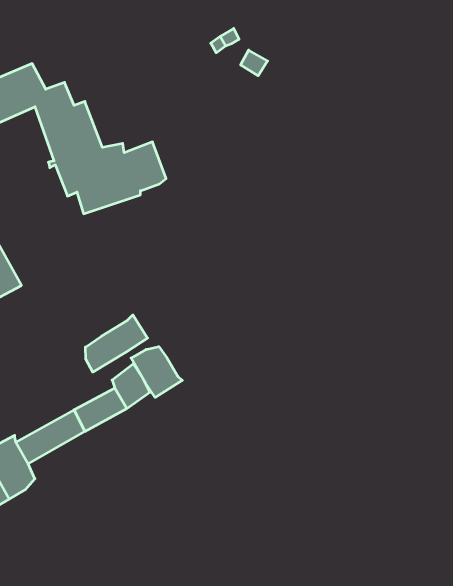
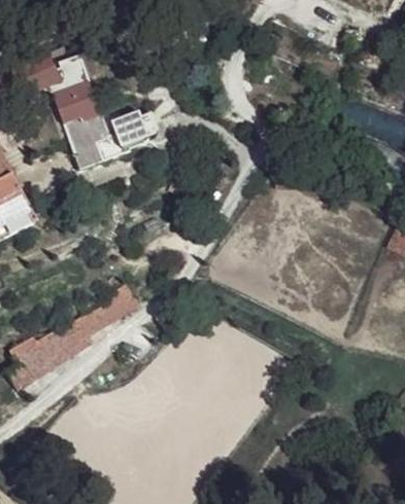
building: [85,315,148,372] -> none
building: [131,347,182,397] -> none

